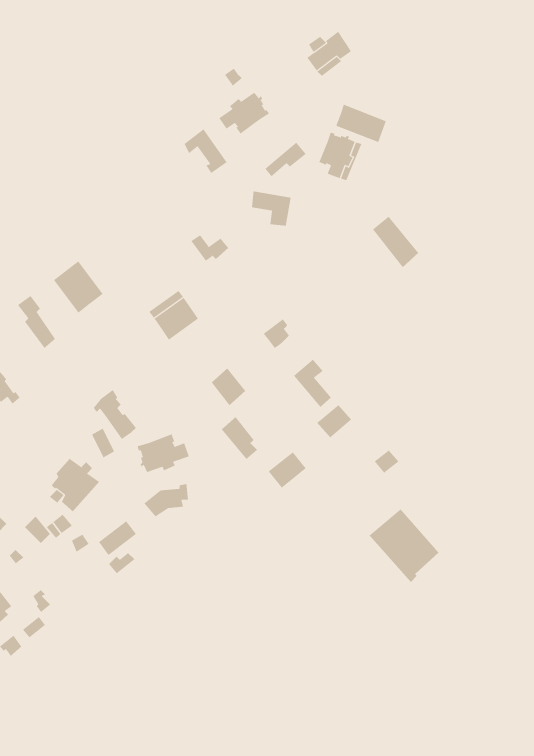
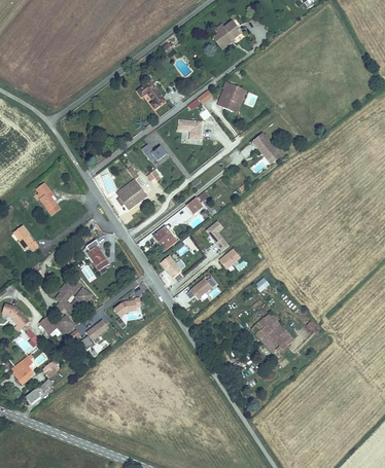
building: [219,92,270,134] -> none
building: [335,104,386,143] -> none
building: [53,260,103,314] -> none
building: [137,434,189,473] -> none

